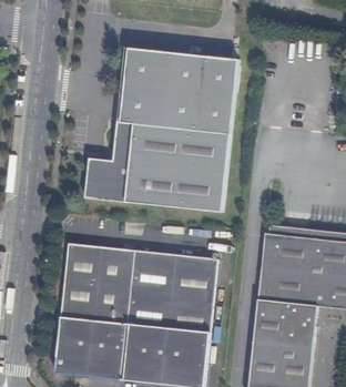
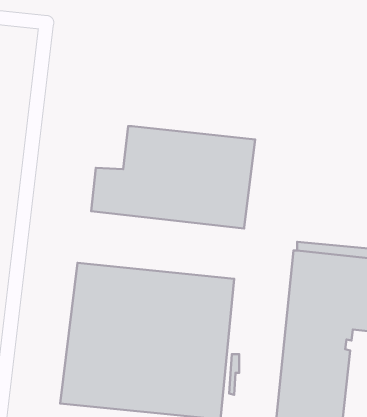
building: [120,48,238,132] -> none

